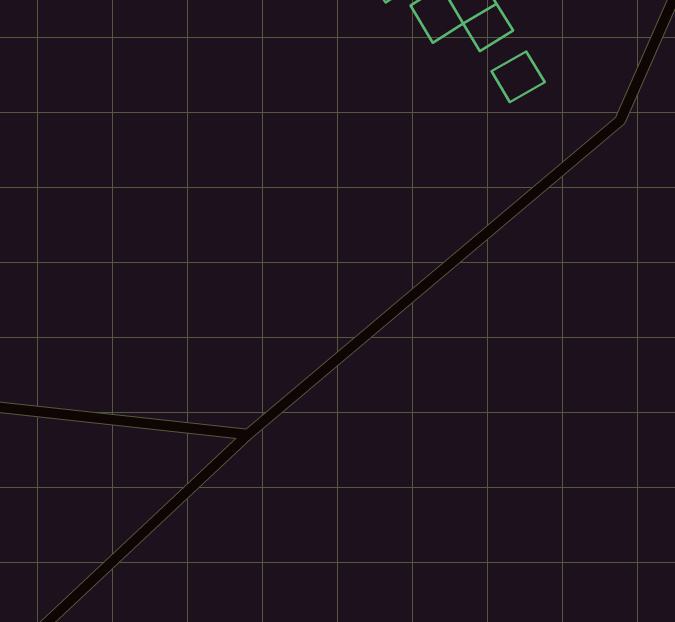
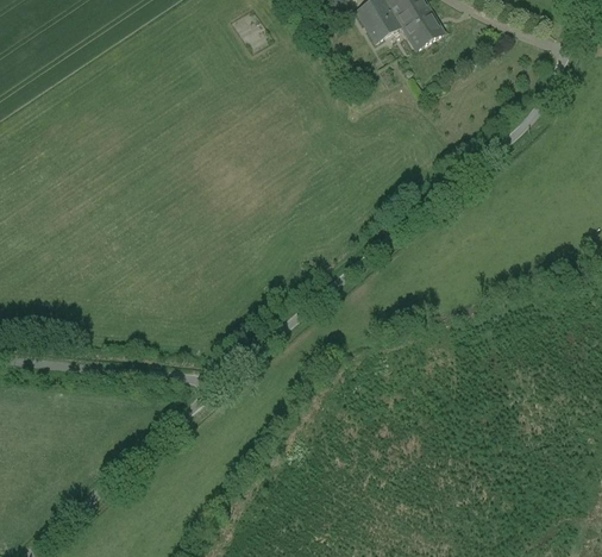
building: [491,51,545,102] -> none

